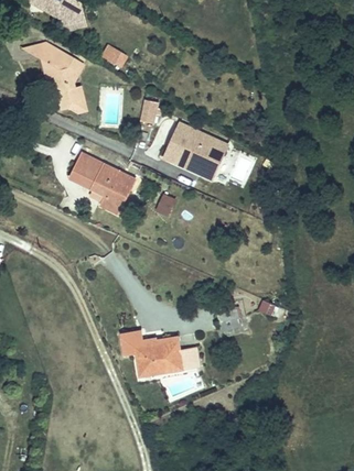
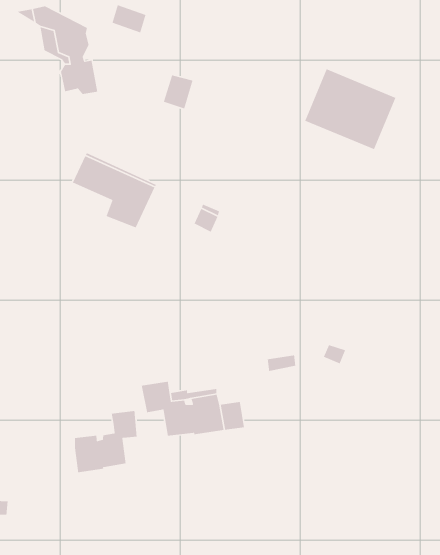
building: [159,120,228,182] -> [304,68,397,150]
building: none -> [74,410,137,473]

